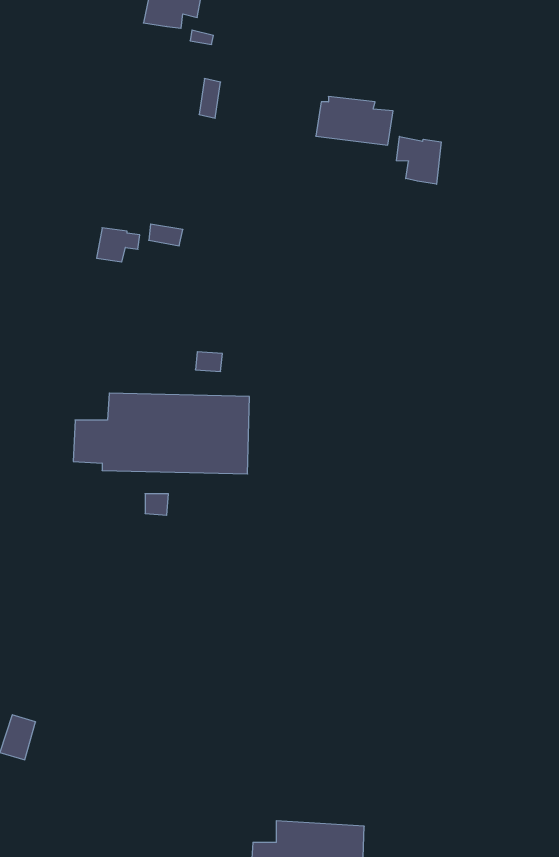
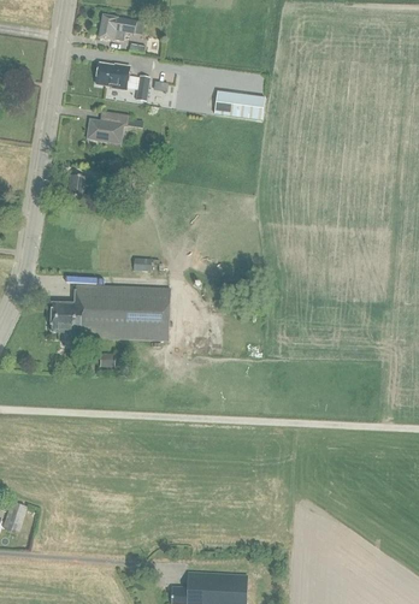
building: none -> [95,61,129,87]
building: none -> [85,109,142,143]
building: [396,136,441,184] -> none

